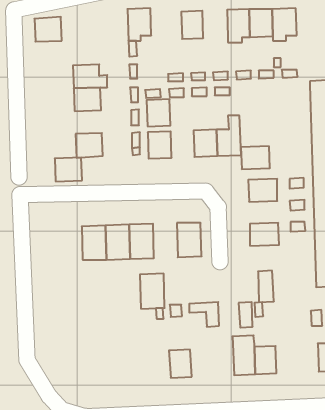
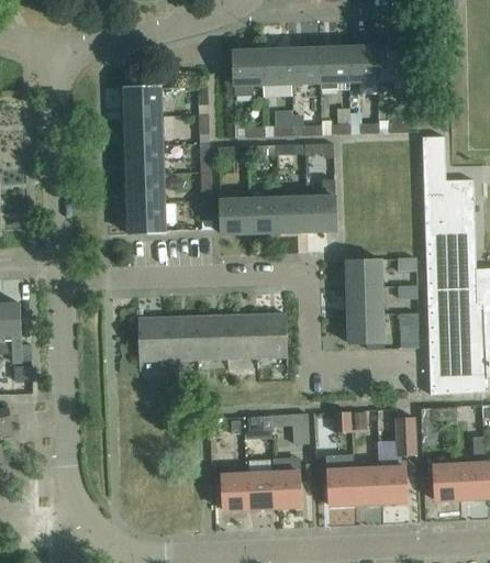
building: [127,8,151,41] -> [233,51,263,91]
building: none -> [288,48,320,84]
building: [34,17,62,42] -> [125,87,159,118]
building: [147,99,170,126] -> [248,199,278,233]
building: [241,146,270,169] -> [346,287,382,316]
building: [55,158,82,181] -> [129,174,163,203]
building: [258,271,274,302] -> [396,417,415,456]
building: [140,274,165,309] -> [226,314,257,358]
building: none -> [379,464,408,503]
building: none -> [272,468,301,507]
building: none -> [220,471,248,509]

